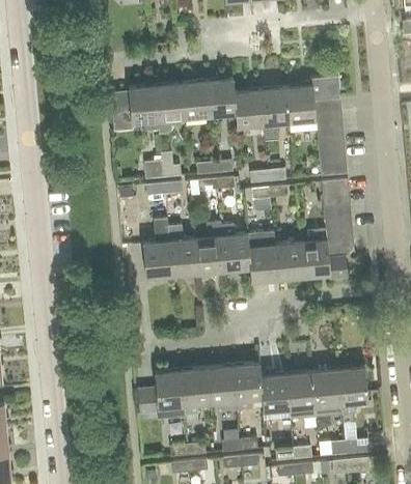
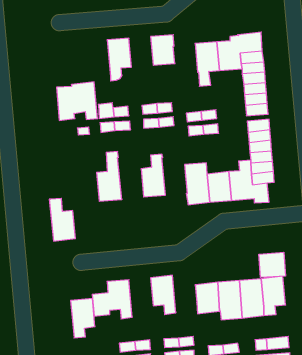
building: [181,81,210,117] -> none
building: [110,85,159,131] -> [57,82,98,120]
building: [234,89,263,126] -> none
building: [167,224,198,275] -> [49,198,75,241]
building: [220,224,250,269] -> none
building: none -> [259,252,285,277]
building: [232,363,262,409] -> none
building: [181,368,210,415] -> [71,299,95,338]

